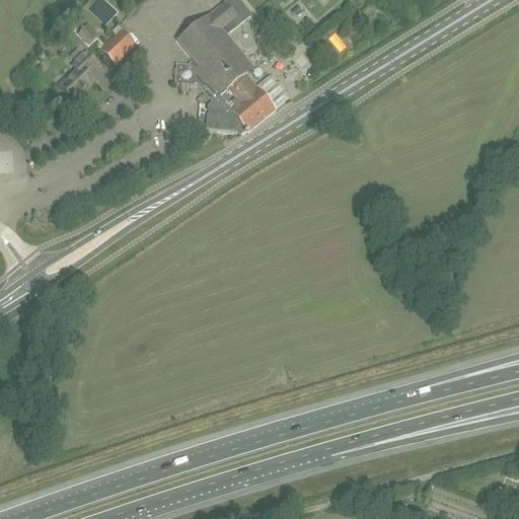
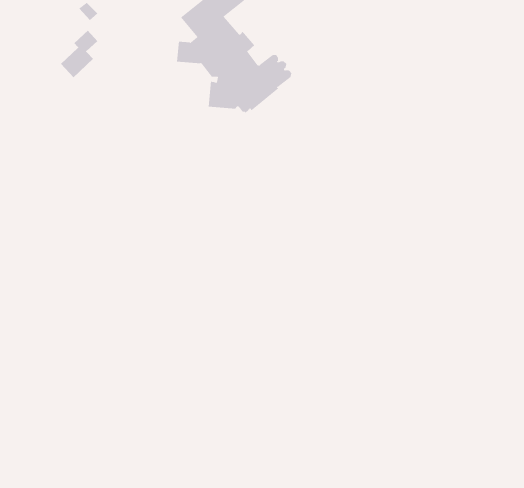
building: [100,26,136,62] -> none

